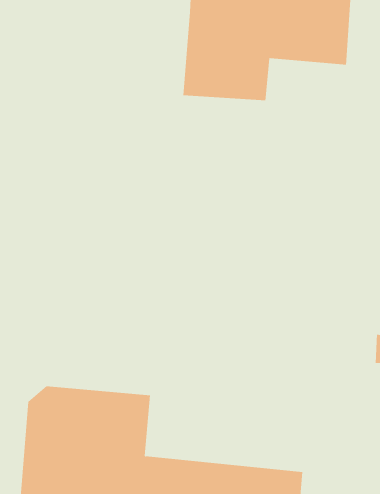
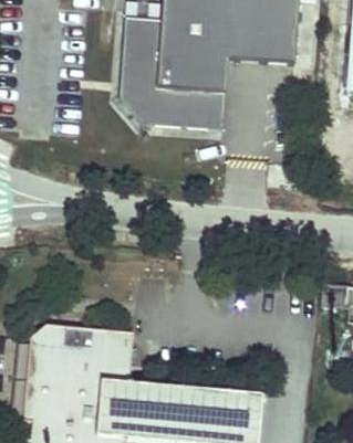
building: none -> [120,12,228,126]

